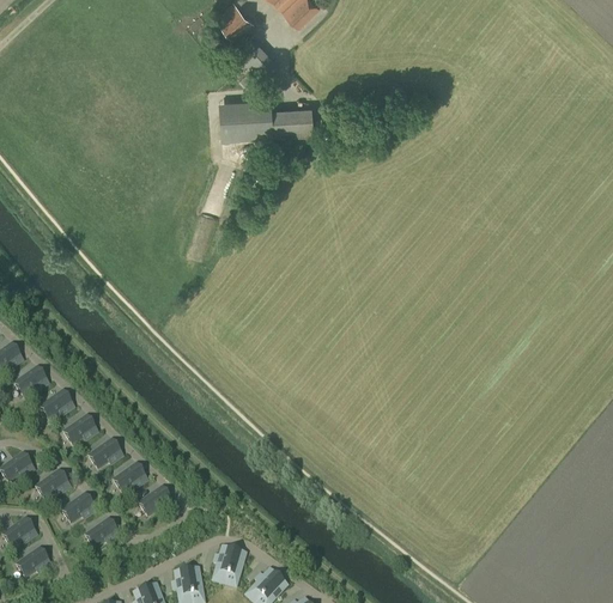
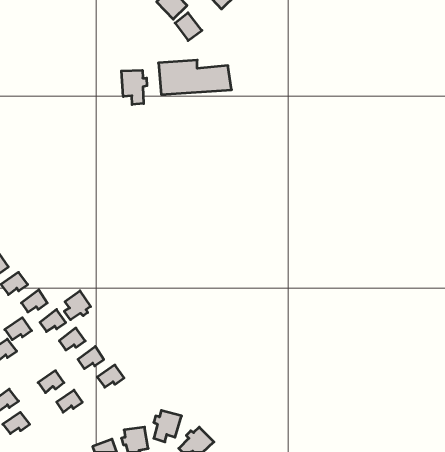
building: none -> [121,70,147,105]
building: none -> [64,291,91,320]
building: [36,469,71,498] -> [5,318,32,340]

